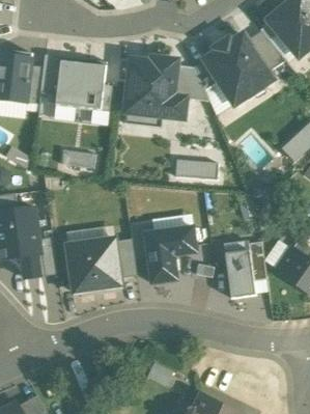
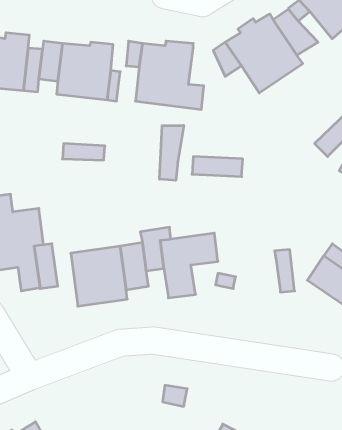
building: [171,65,207,102] -> none
building: none -> [160,125,184,180]
building: [223,250,253,298] -> none

